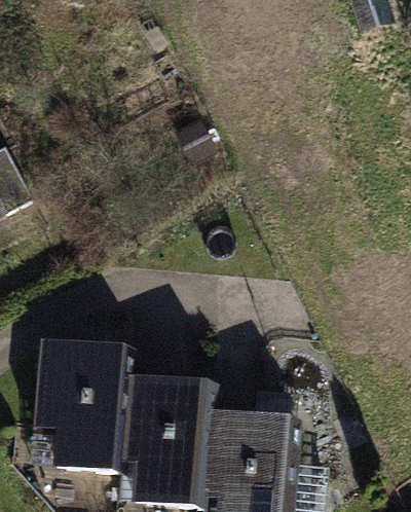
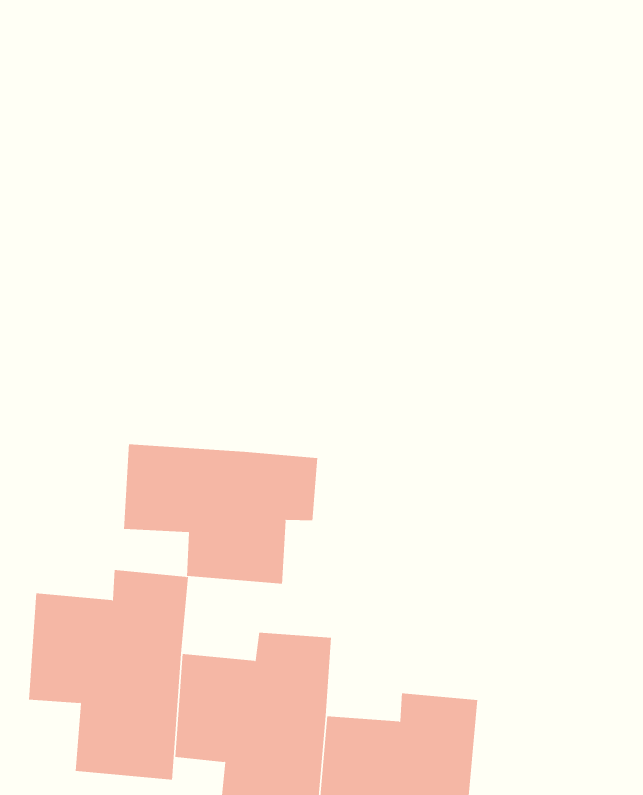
building: none -> [123,443,318,584]

